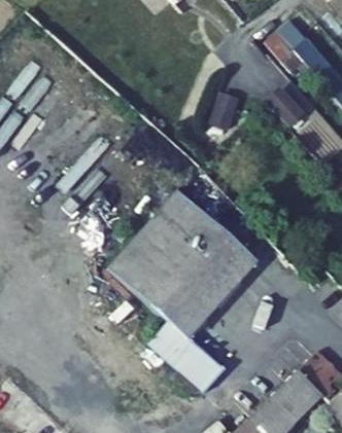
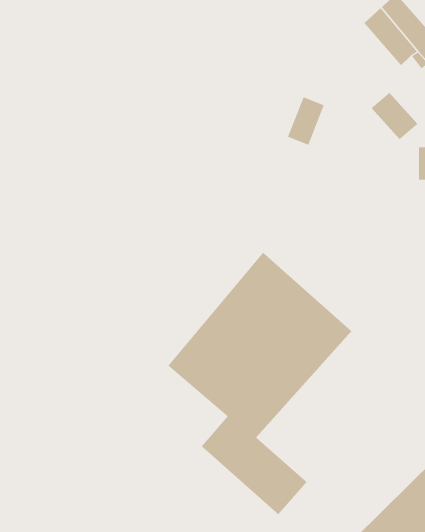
building: [106,190,193,286] -> none

